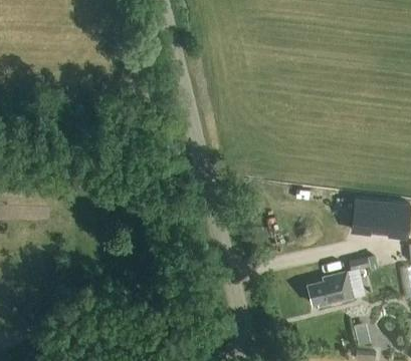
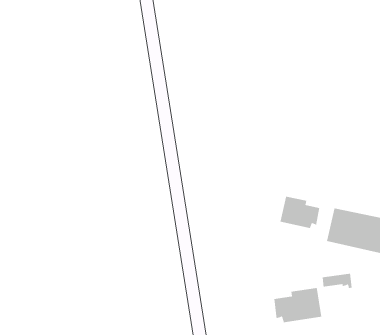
building: none -> [280,196,320,229]

